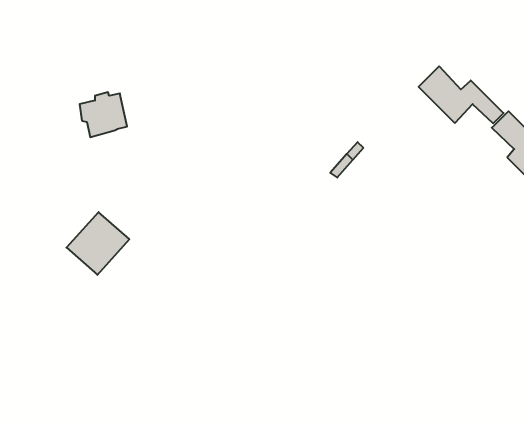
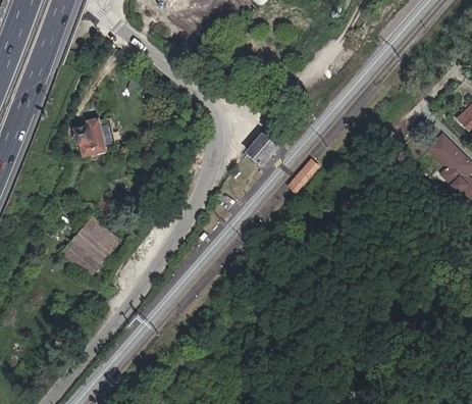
building: [419,66,504,123] -> none
building: none -> [245,134,277,166]

